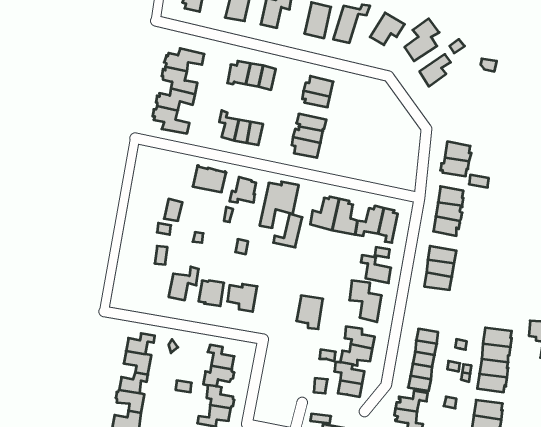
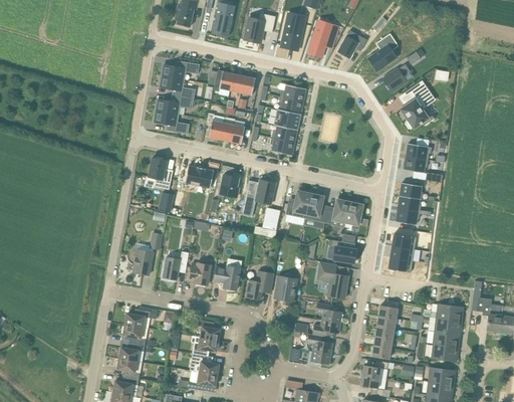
building: none -> [400,81,434,128]
building: none -> [149,155,173,189]
building: none -> [134,248,153,274]
building: none -> [246,269,274,299]

